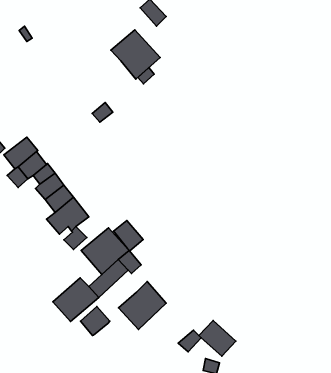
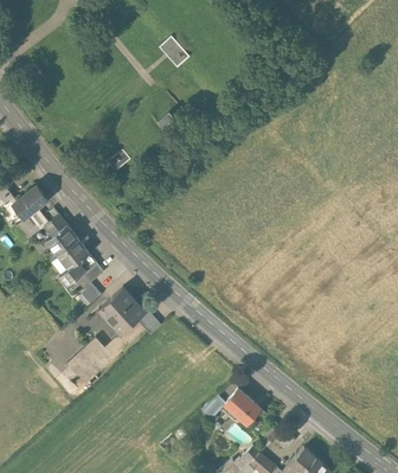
building: [111,30,160,79] -> none
building: [114,221,143,251] -> none
building: [118,282,166,329] -> none
building: [80,306,110,336] -> none

